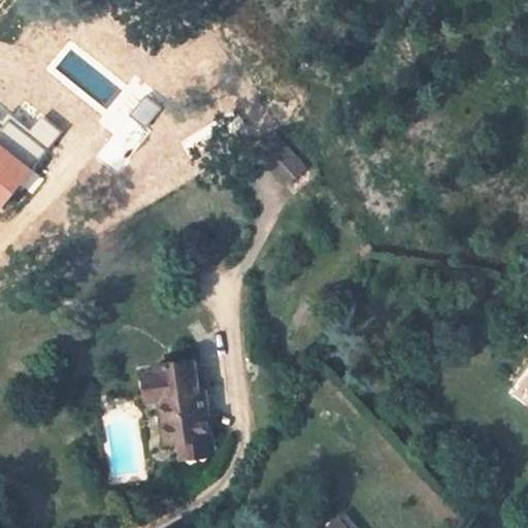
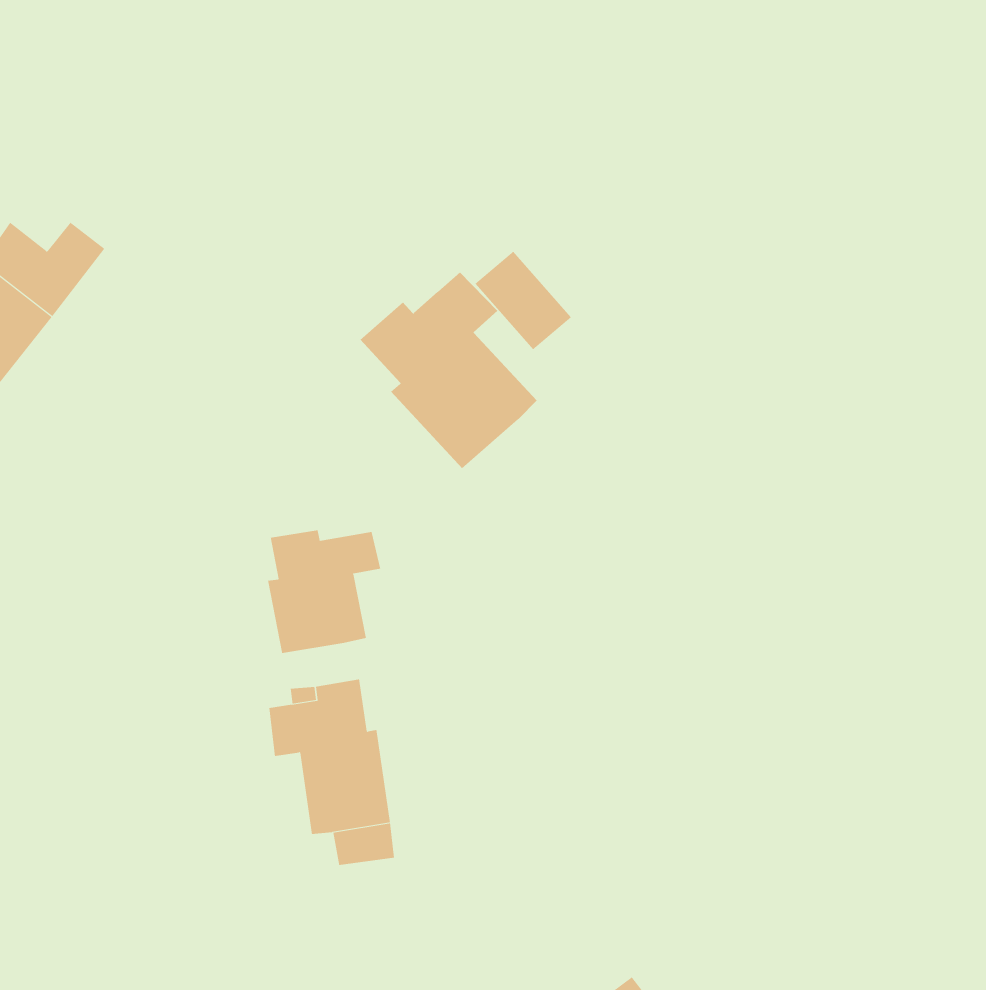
building: none -> [360,272,537,469]
building: none -> [268,529,381,654]

